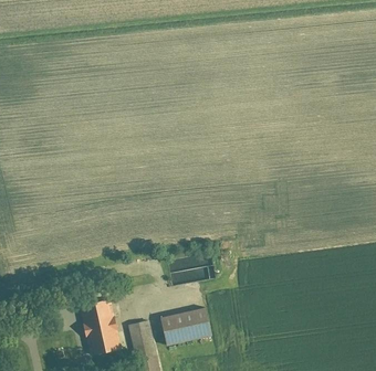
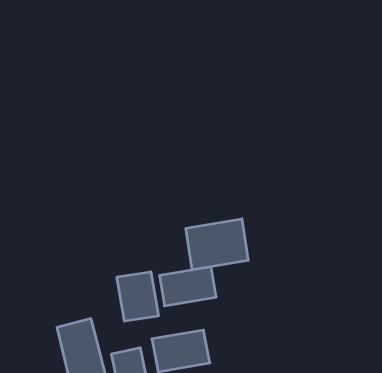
building: none -> [186,219,248,270]
building: none -> [117,272,158,321]

